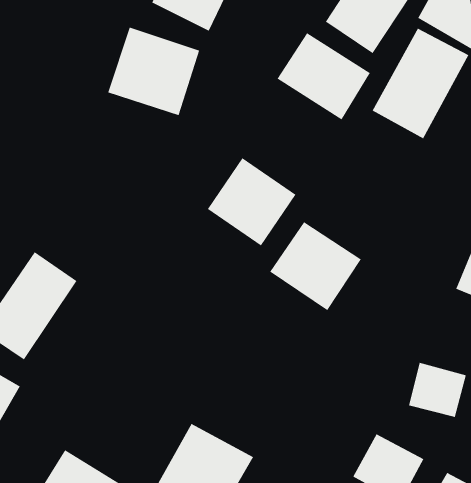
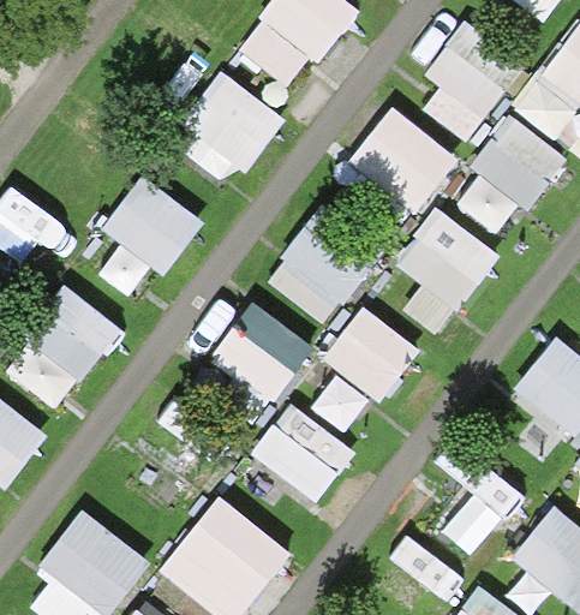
building: none -> [393,216,497,335]
building: none -> [103,177,204,275]
building: none -> [217,304,311,393]
building: none -> [253,405,355,504]

